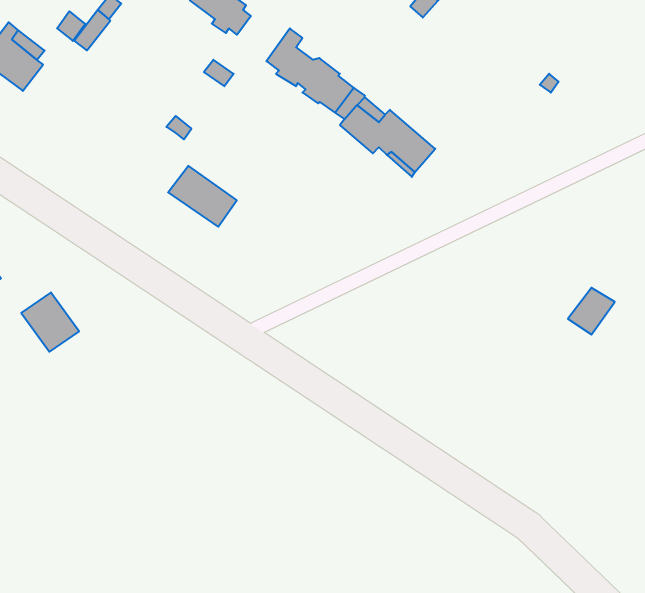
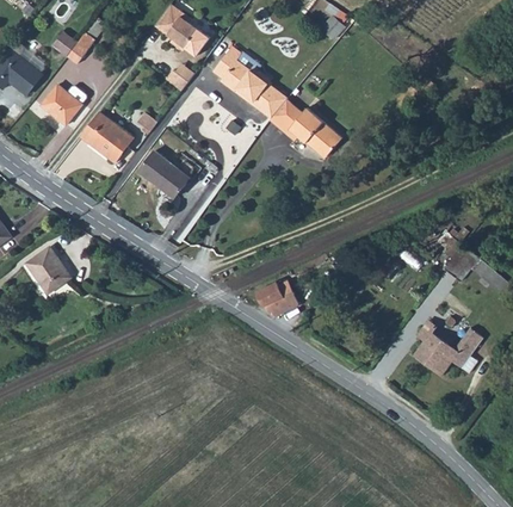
building: none -> [39,85,85,125]
building: none -> [80,112,132,162]
building: none -> [255,282,297,317]
building: none -> [414,320,483,373]

